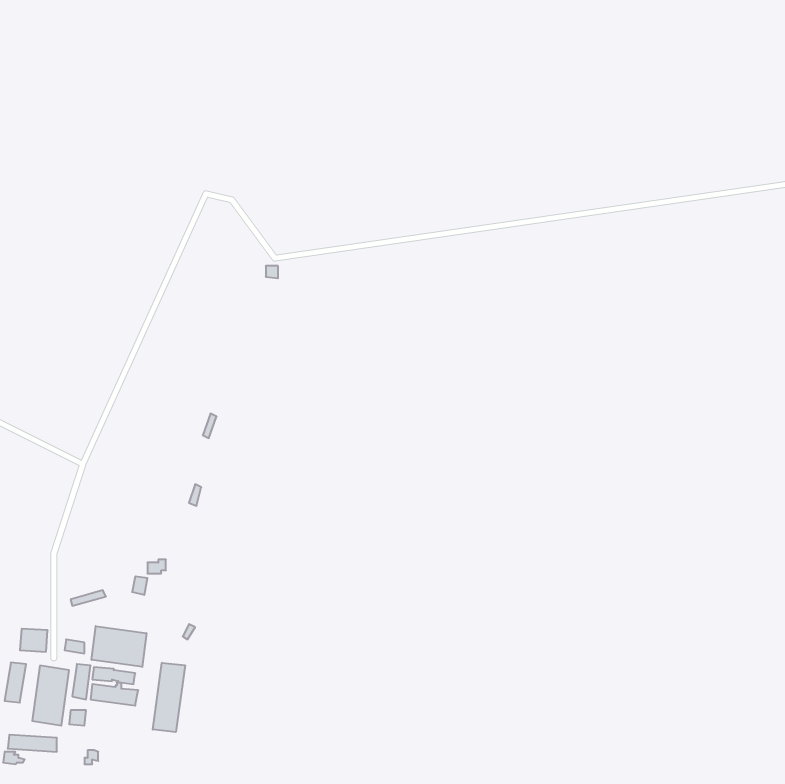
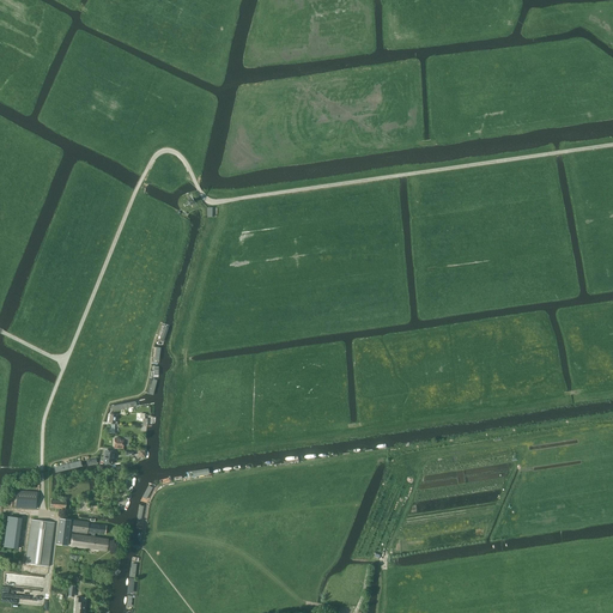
building: [92,626,146,667] -> none
building: [153,663,185,732] -> none

